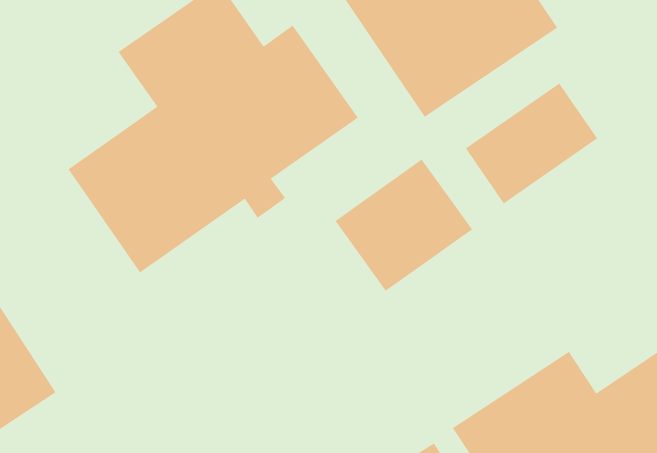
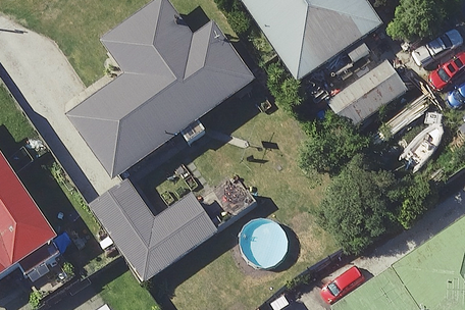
building: [334,158,473,292] -> none
building: none -> [89,168,260,283]

